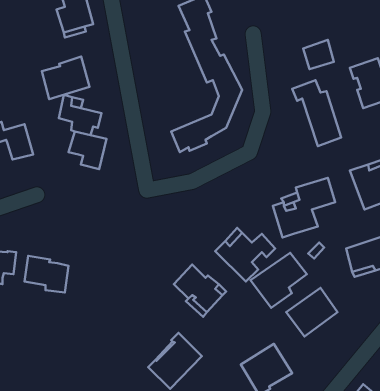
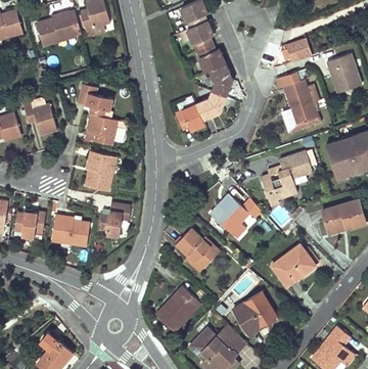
building: [42,56,90,99] -> [36,11,76,47]
building: none -> [86,150,113,190]
building: none -> [99,204,131,239]
building: [251,253,307,308] -> none

